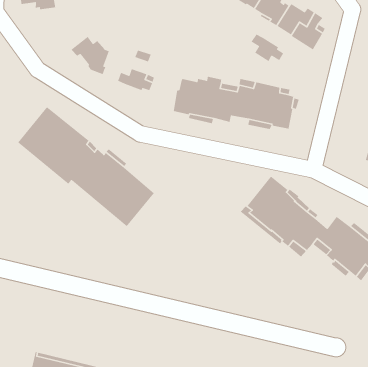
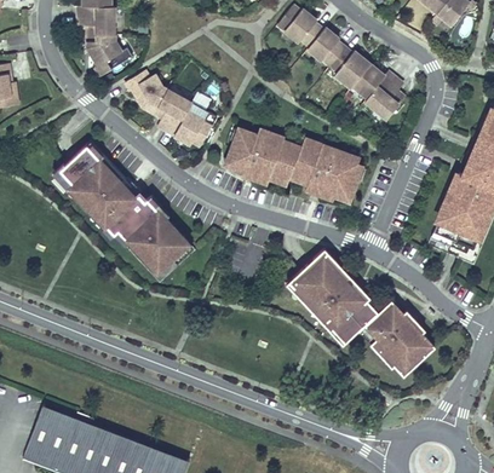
building: none -> [87,33,121,75]
building: [251,34,284,62] -> none
building: none -> [159,90,193,123]

